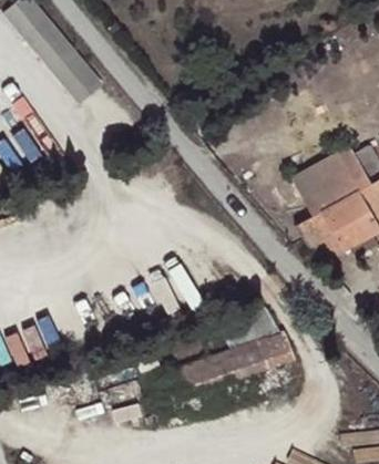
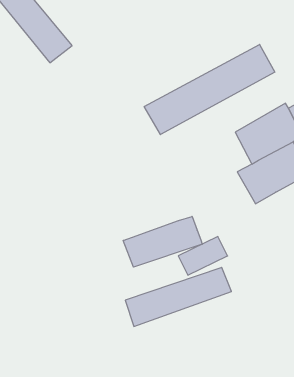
building: none -> [144,44,275,135]
building: none -> [123,216,202,267]

